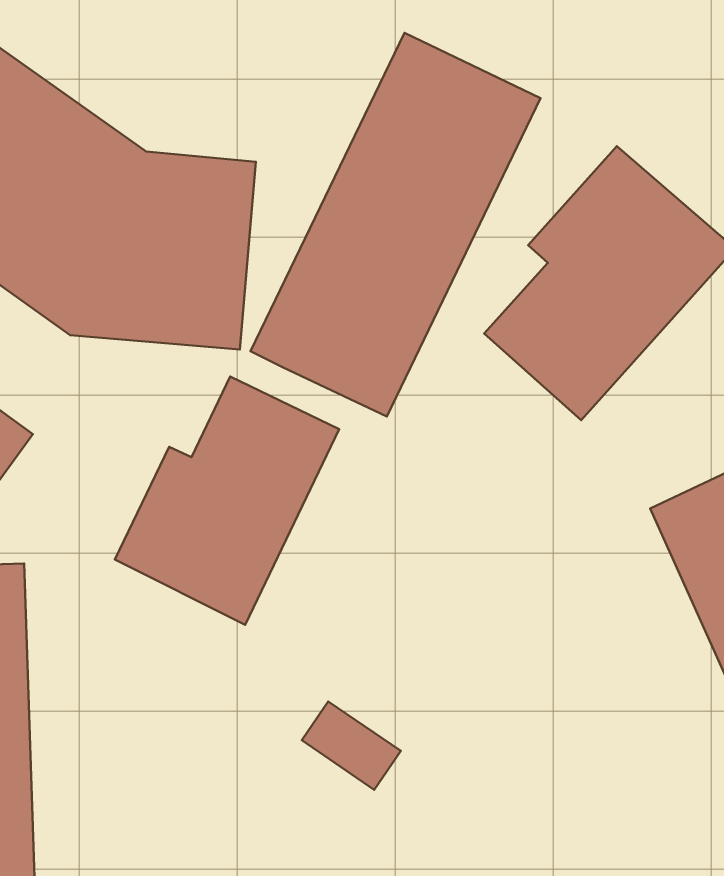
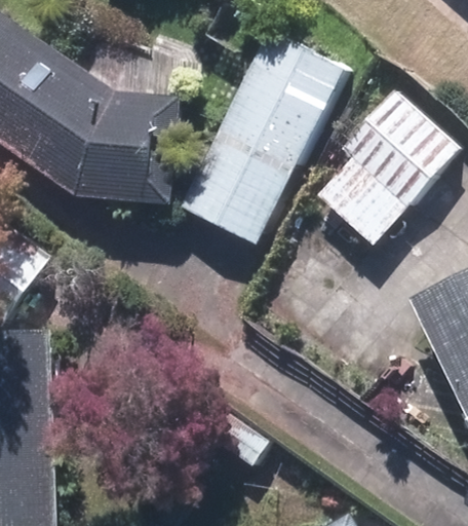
building: [115,376,339,625] -> none

